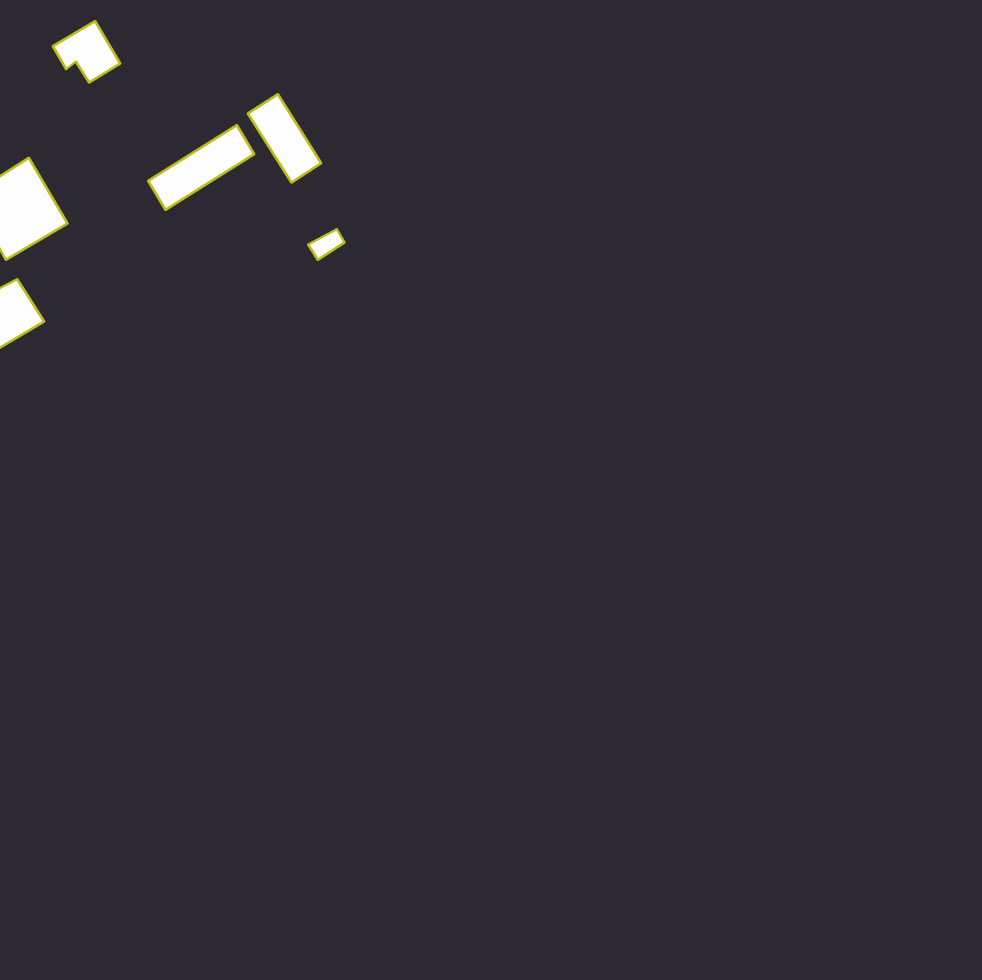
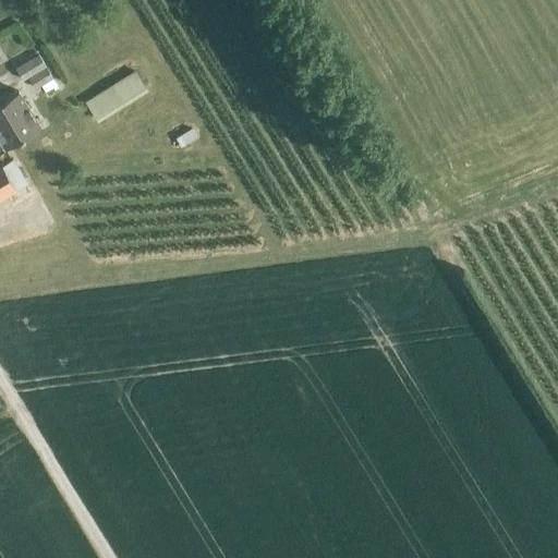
building: [53,21,120,83] -> [13,56,51,90]
building: [248,94,321,183] -> none

